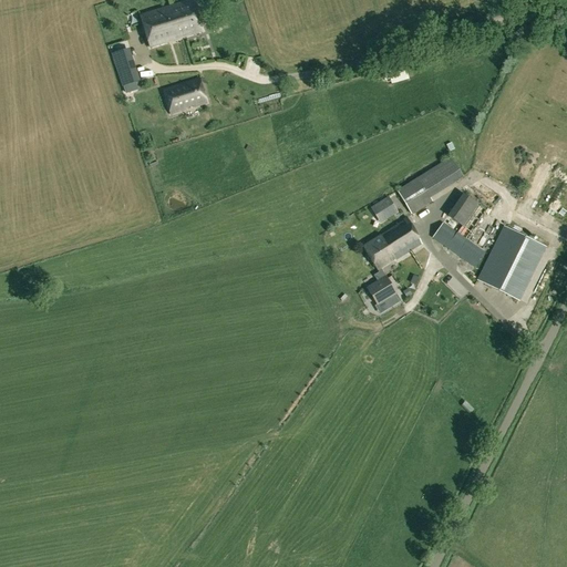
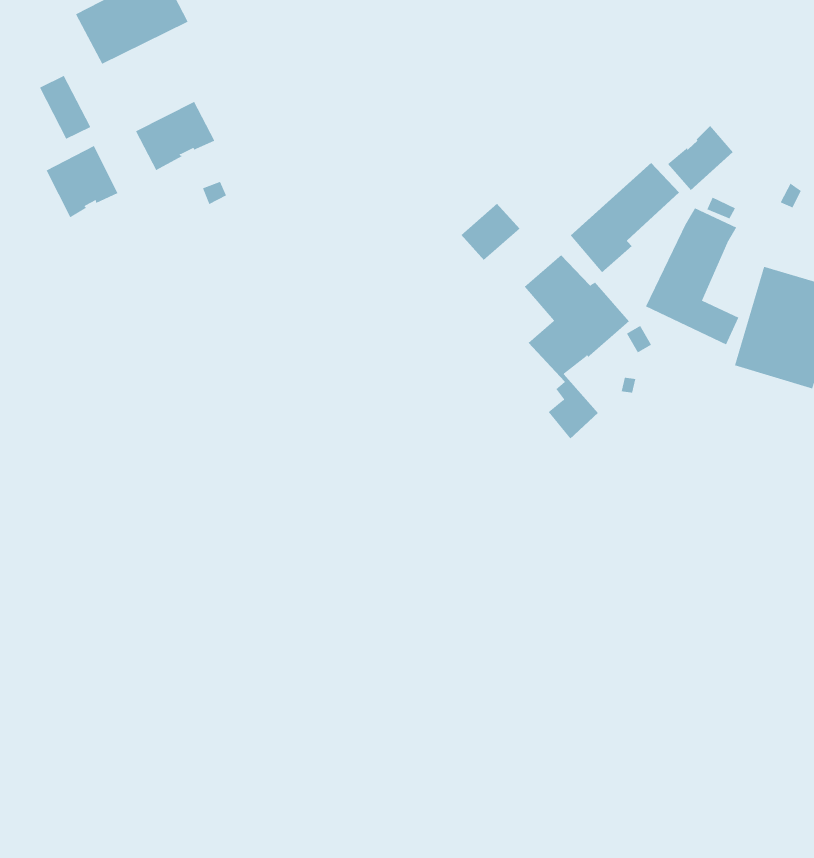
building: none -> [46,145,118,218]
building: none -> [667,125,734,191]
building: none -> [461,203,520,261]

